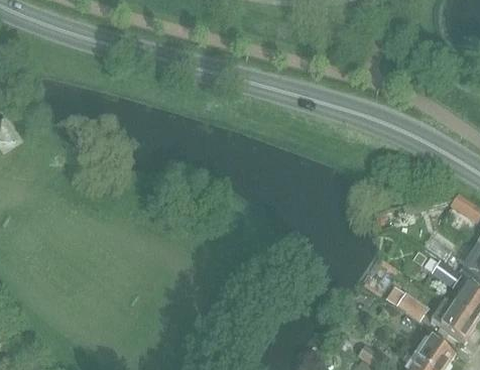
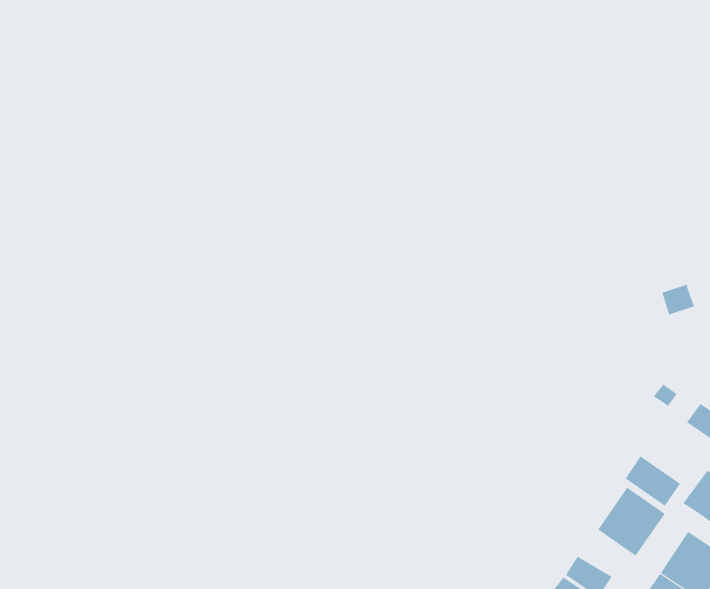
building: none -> [597,487,665,556]

